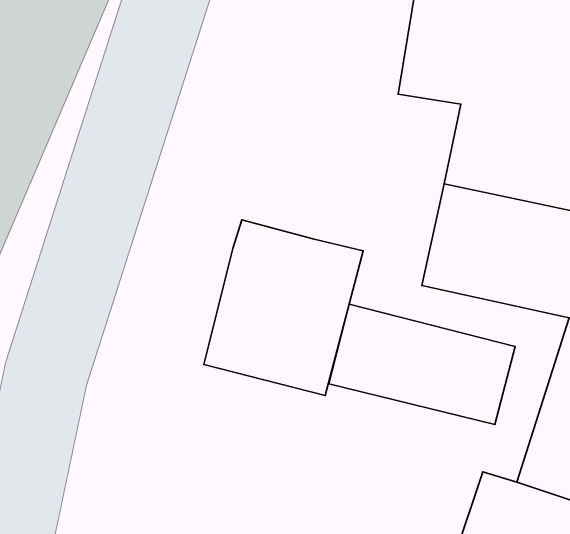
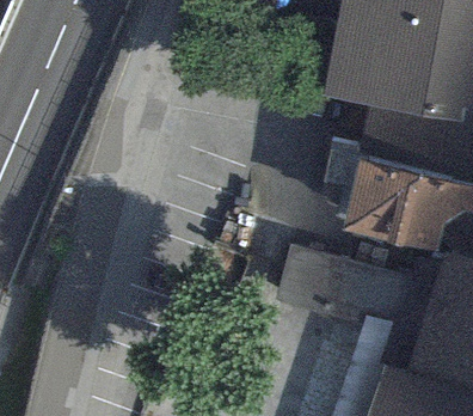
building: [204,220,363,395] -> none

